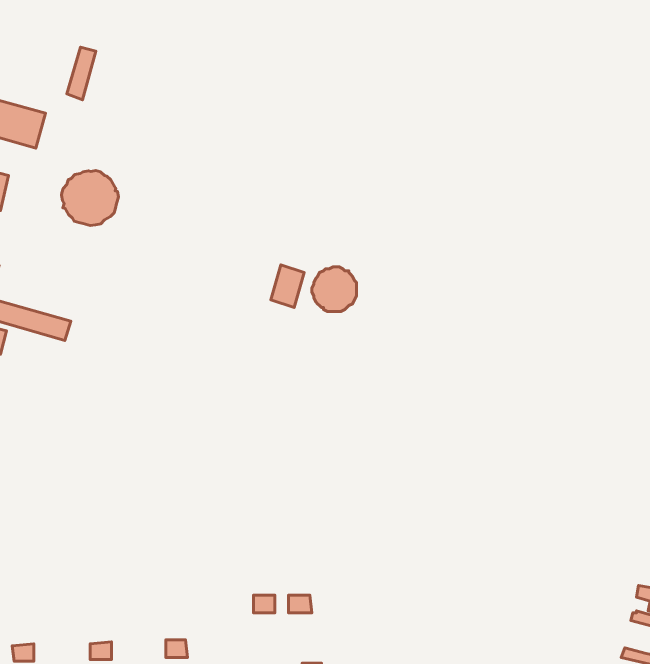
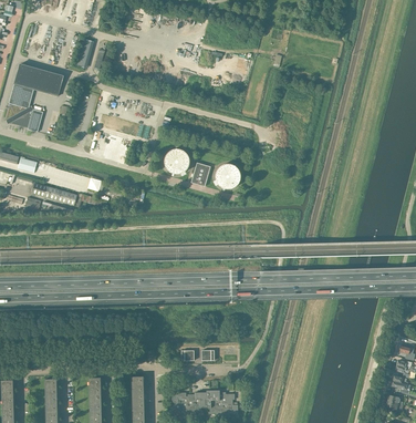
building: [61,171,119,226] -> none
building: none -> [164,148,189,174]

